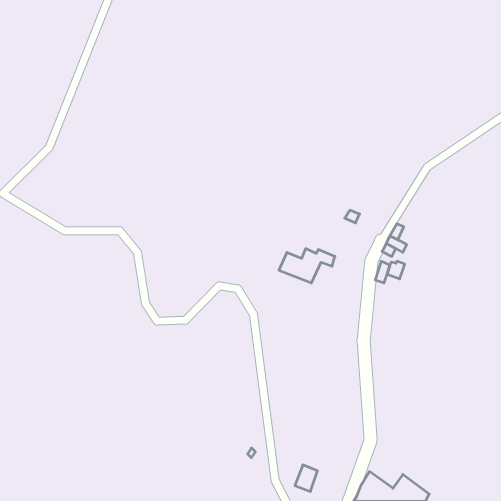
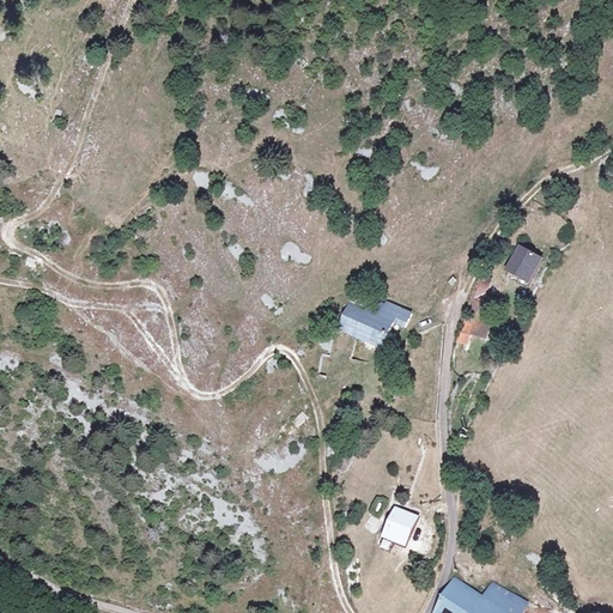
building: none -> [509,245,542,280]
building: [295,465,317,491] -> [380,512,407,545]

